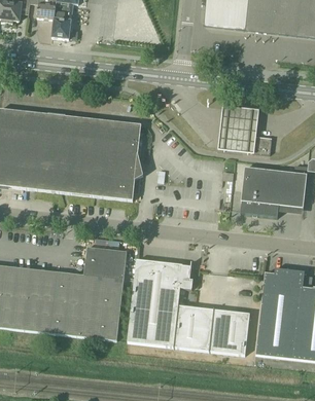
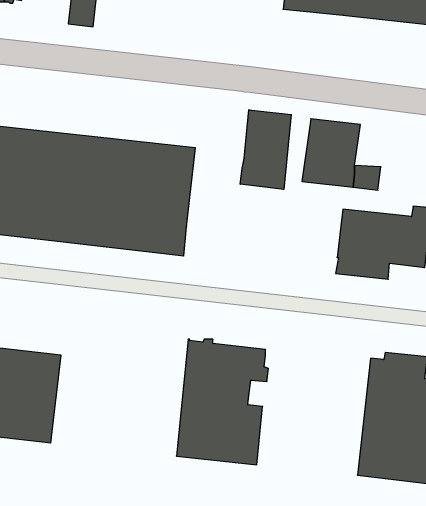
building: none -> [240,110,291,189]
building: [39,246,127,339] -> none
building: [184,305,249,354] -> none

